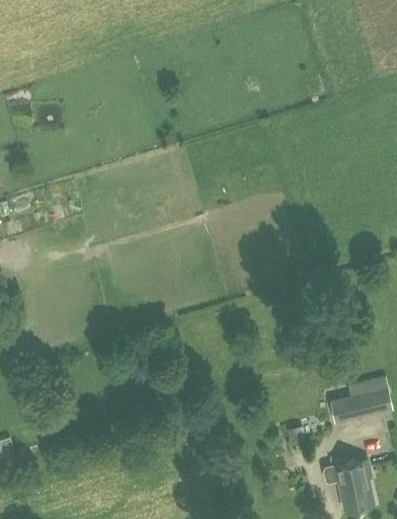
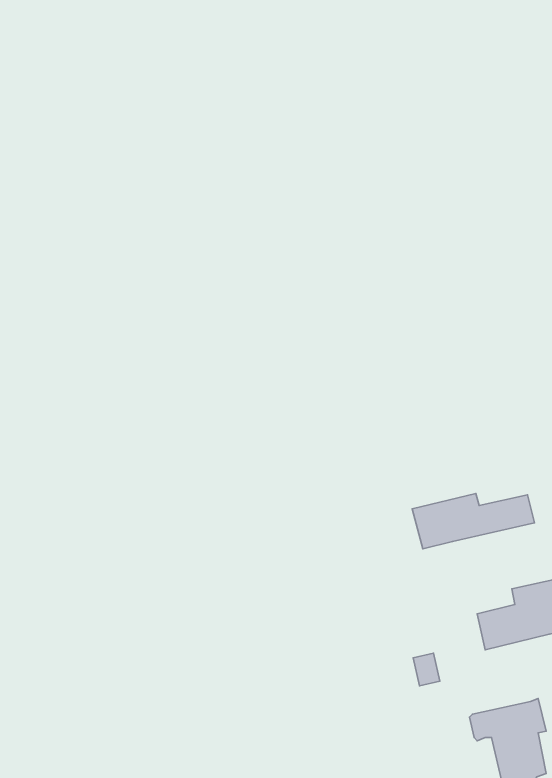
building: none -> [412,493,535,549]

